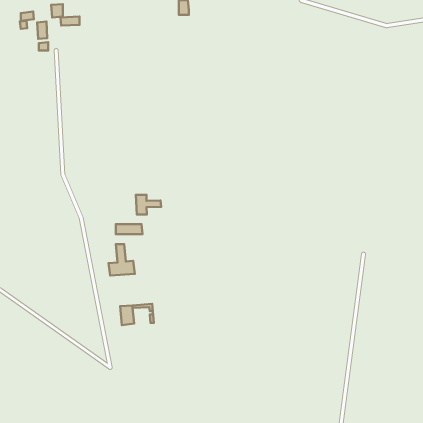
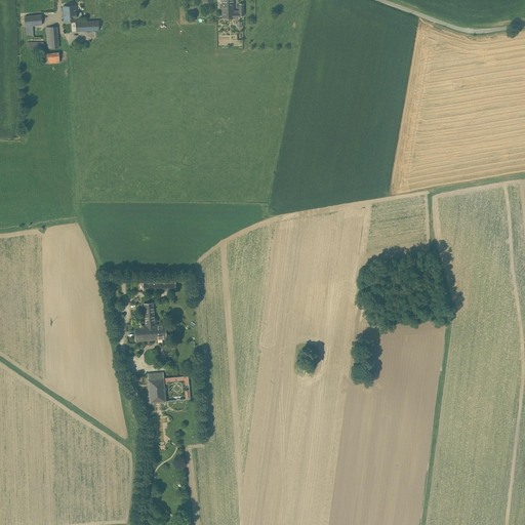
building: [136,195,161,214] -> none

